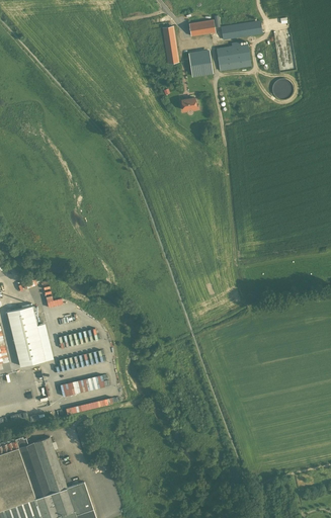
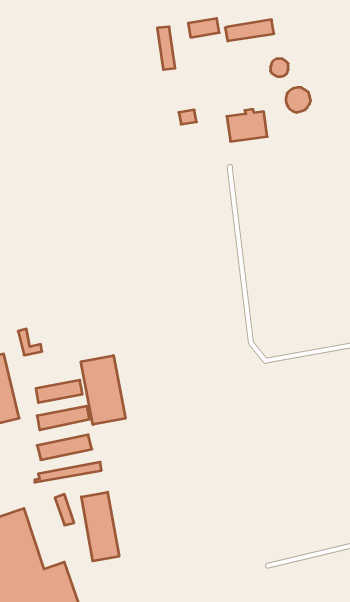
building: [216,42,250,70] -> [227,109,267,141]
building: [188,52,212,77] -> none
building: none -> [81,355,125,425]
building: none -> [81,492,119,561]

